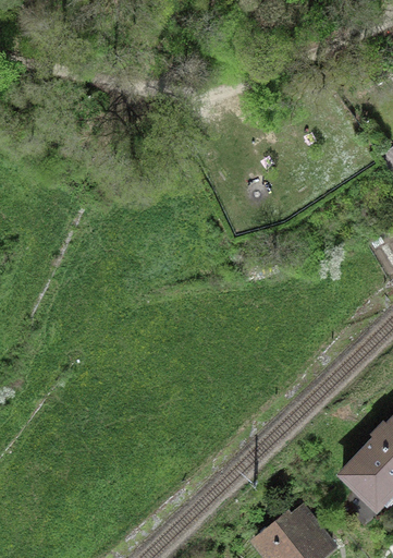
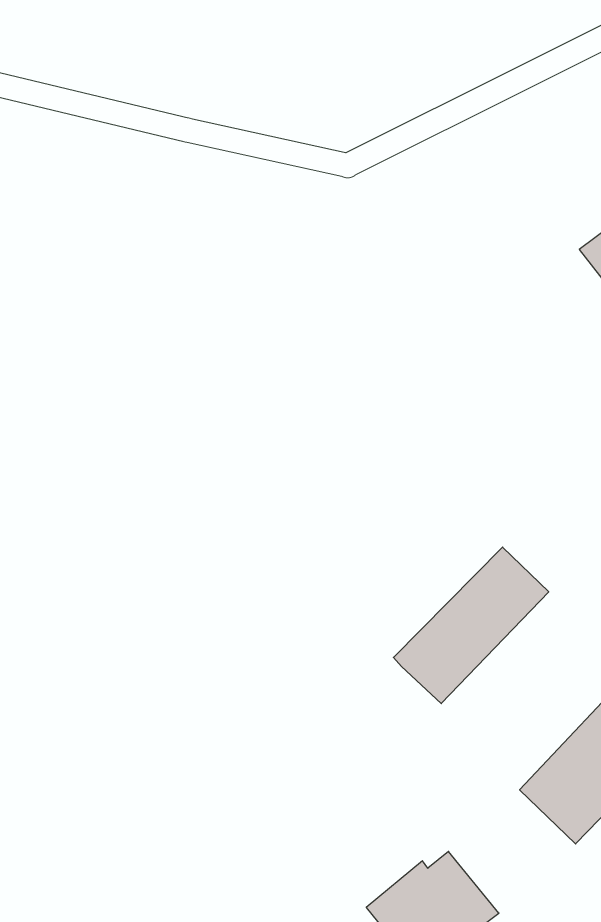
building: none -> [393,547,549,704]

